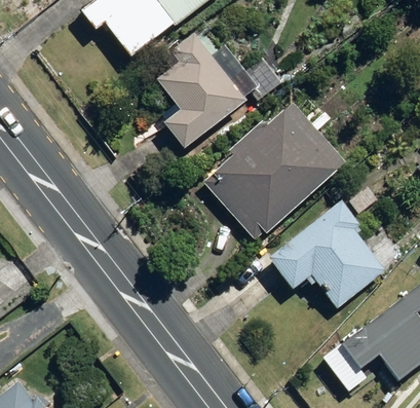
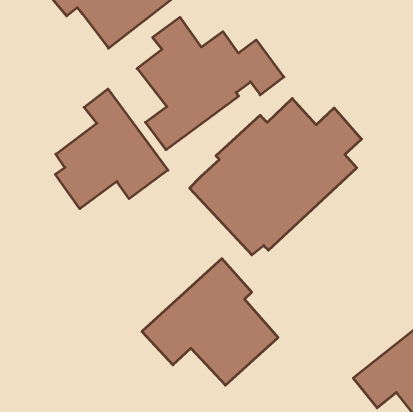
building: none -> [55,89,168,209]
building: [266,201,383,310] -> [142,259,278,385]

